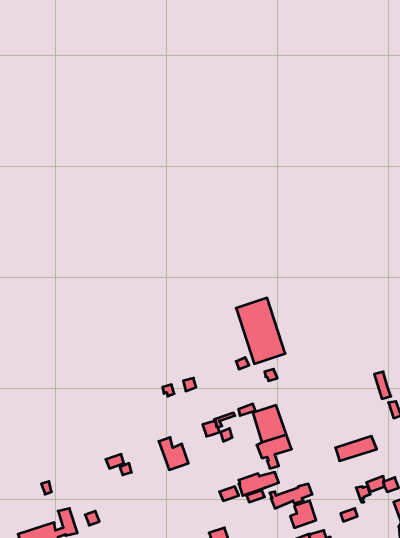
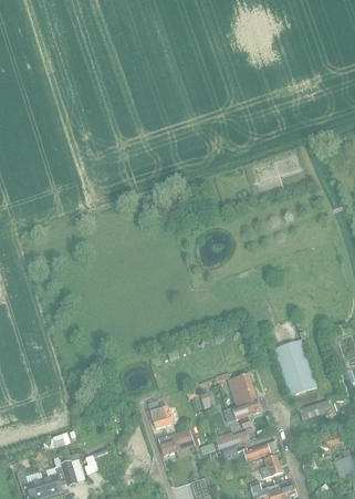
building: [236,298,285,364] -> [274,340,316,396]
building: none -> [158,429,191,456]

